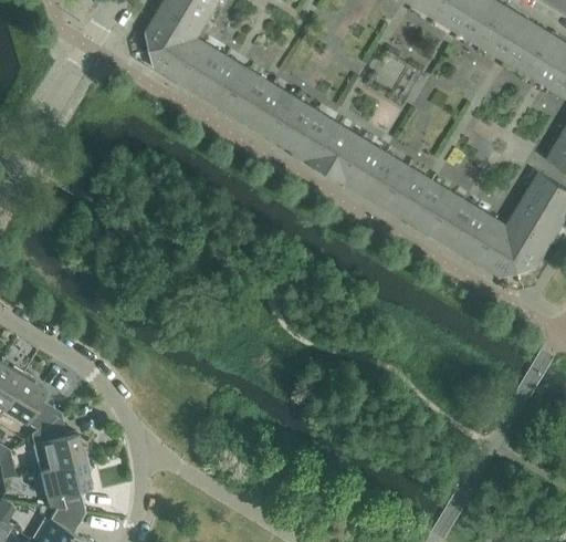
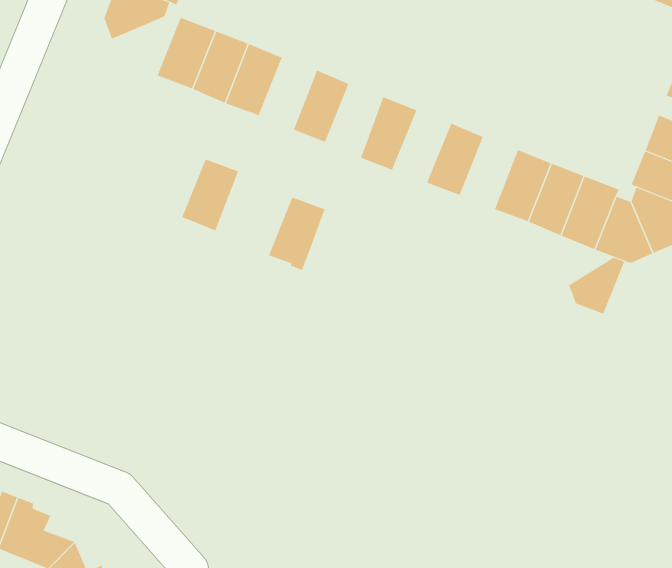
building: [148,39,199,81] -> none
building: [247,83,294,137] -> [182,159,239,231]
building: [292,111,339,166] -> [268,197,326,271]
building: [337,138,386,192] -> none
building: [384,166,431,220] -> none
building: none -> [569,257,625,315]

